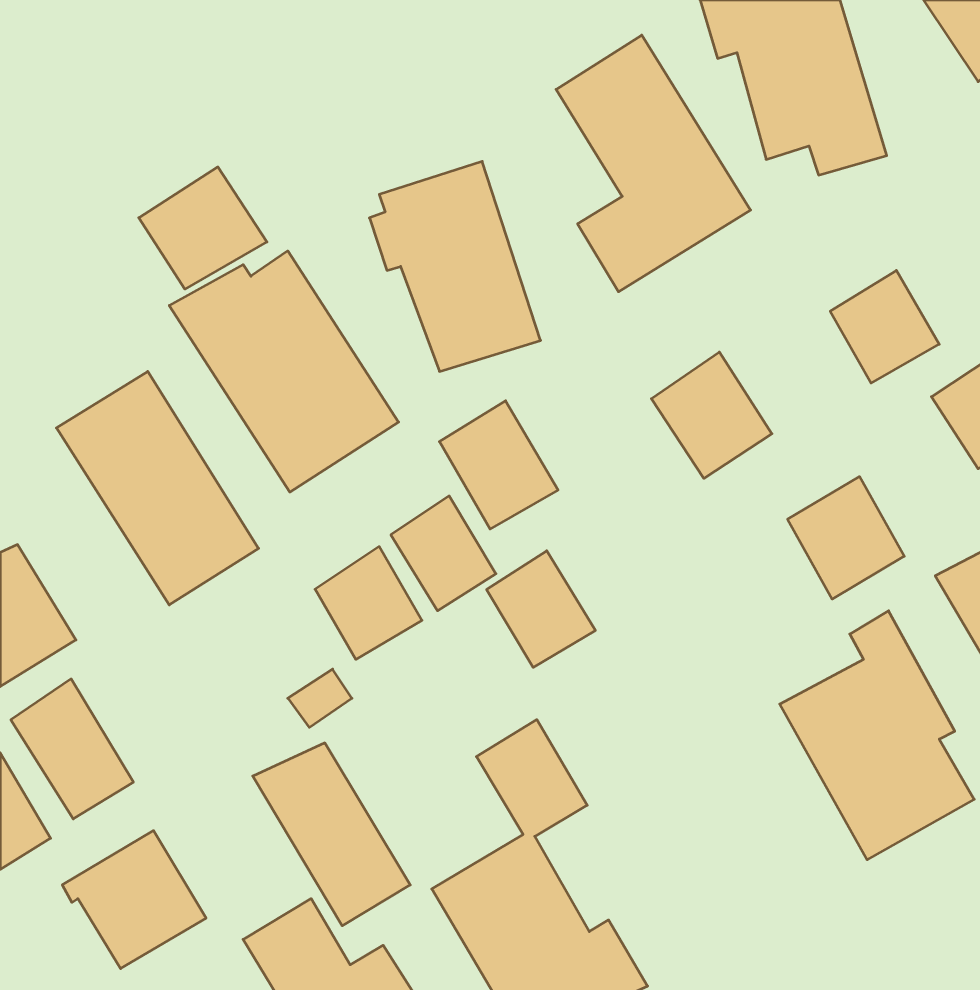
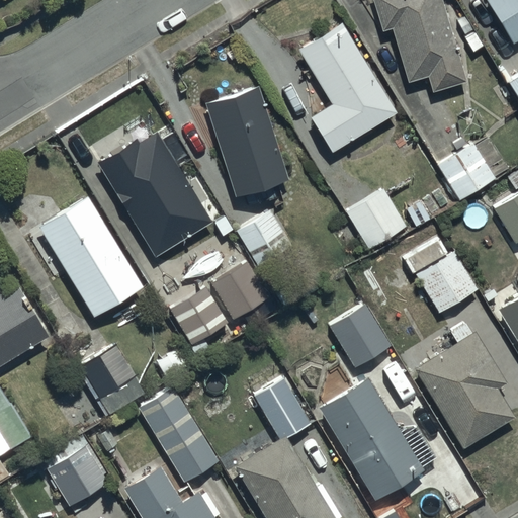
building: [139,167,267,289] -> none
building: [487,551,595,667] -> [333,305,390,365]
building: [11,679,133,819] -> [79,340,143,413]
building: none -> [317,378,438,503]

